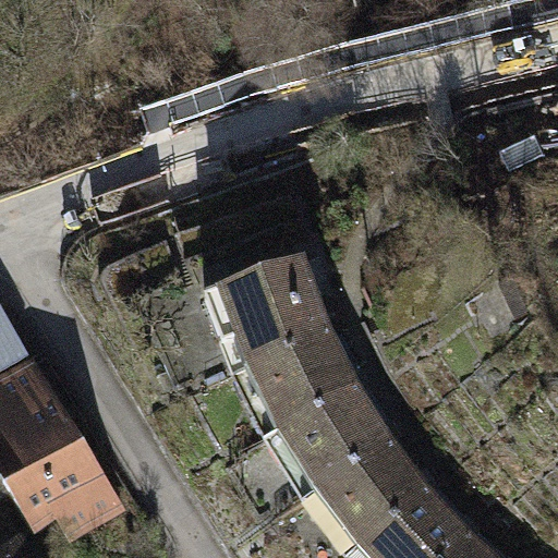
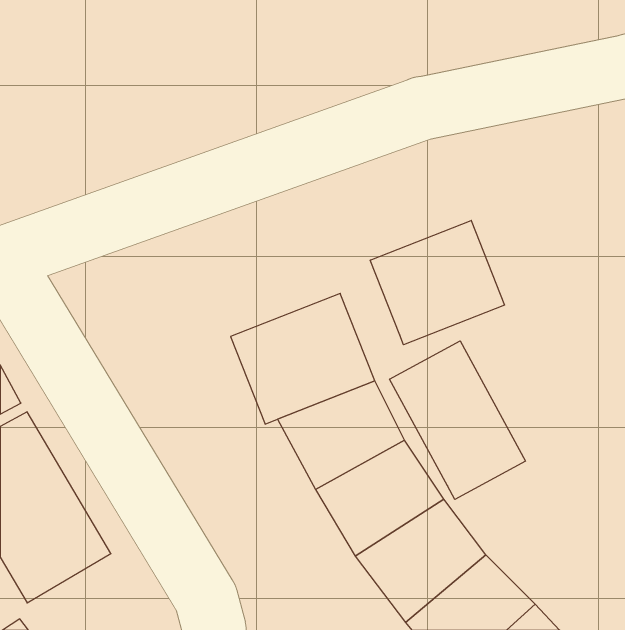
building: none -> [370,220,505,345]
building: none -> [390,341,525,499]

